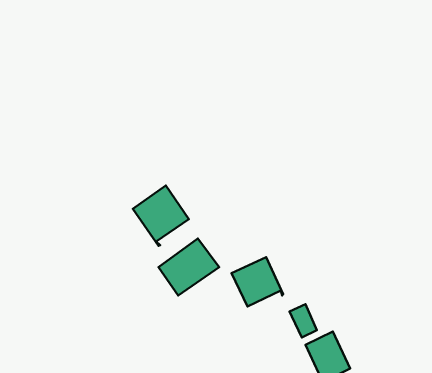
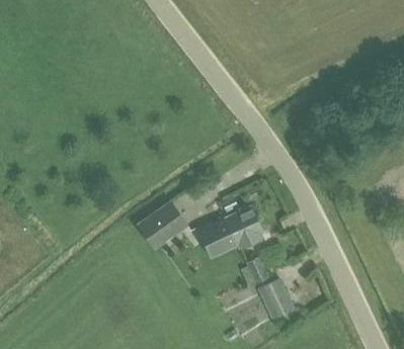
building: [133,186,189,246] -> none
building: none -> [226,206,263,248]

